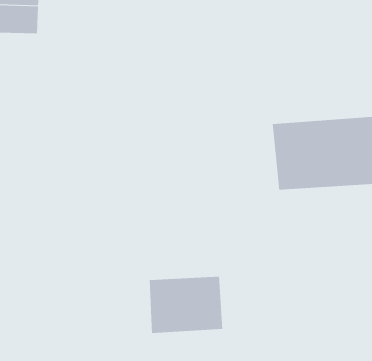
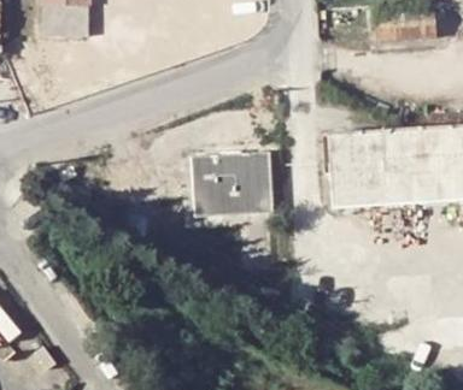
building: [149,276,223,334] -> [193,158,272,219]

